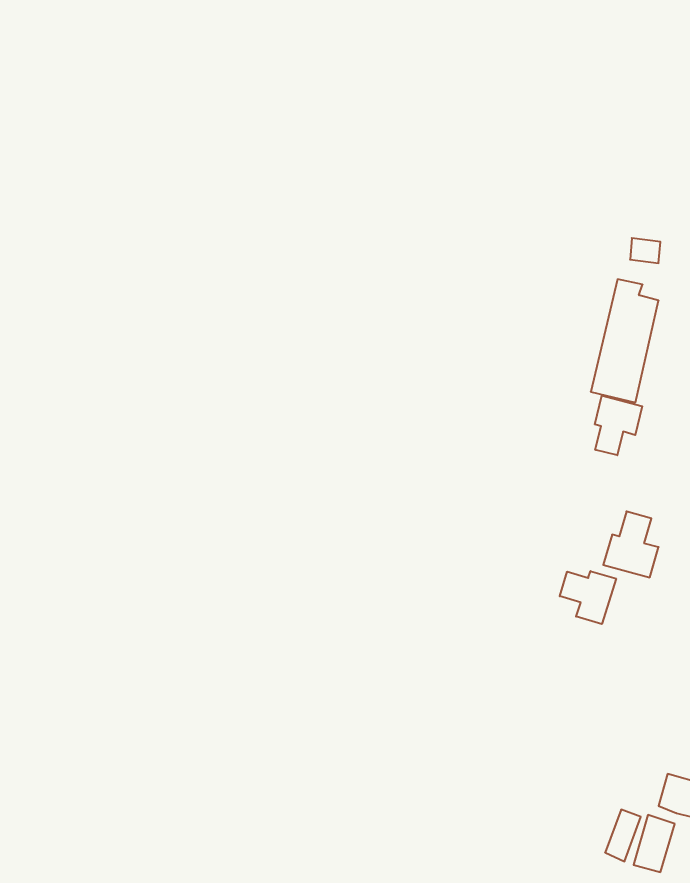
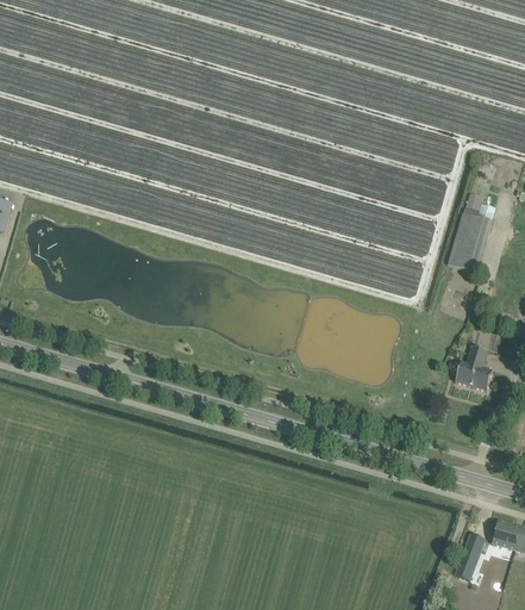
building: [595,396,642,455] -> none
building: [560,571,616,624] -> none

